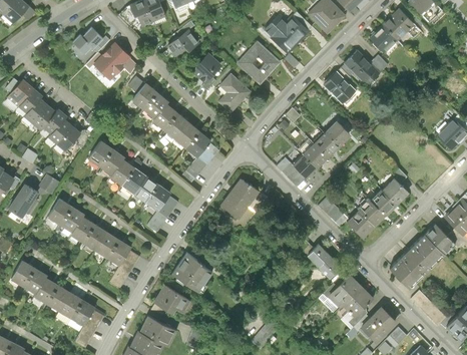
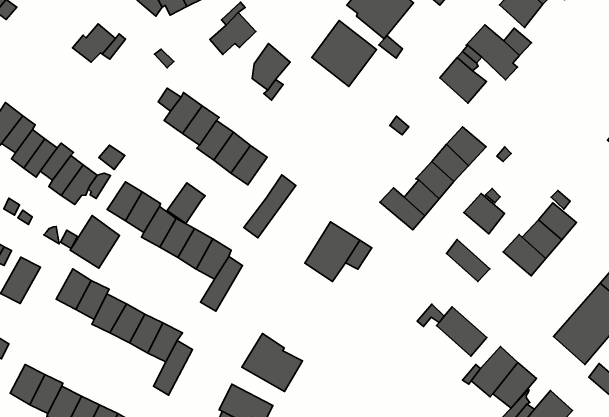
building: [94,44,128,79] -> none
building: [217,72,252,113] -> none
building: [185,129,212,157] -> [167,183,205,224]
building: none -> [70,215,119,268]
building: [348,211,376,239] -> [464,194,505,234]

